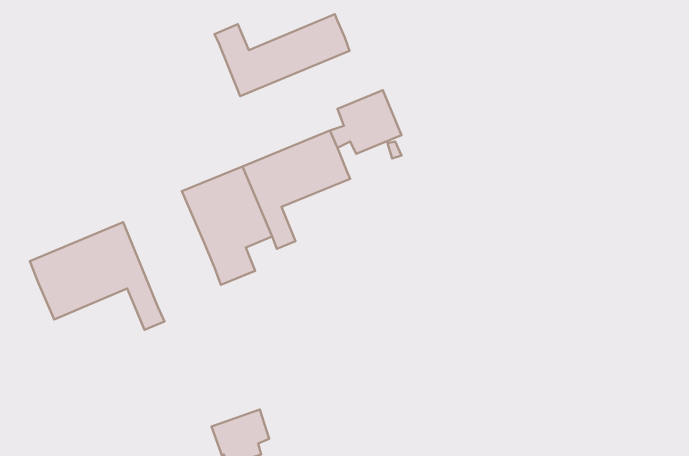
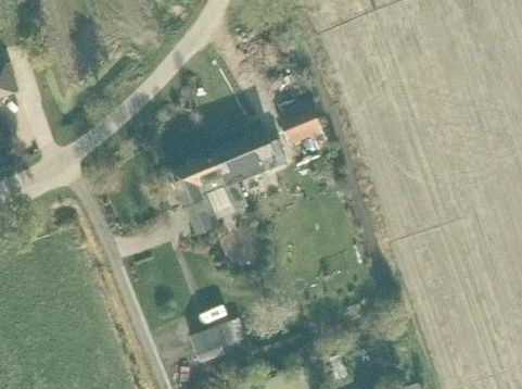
building: [214,14,350,96] -> none
building: [30,222,165,330] -> none

